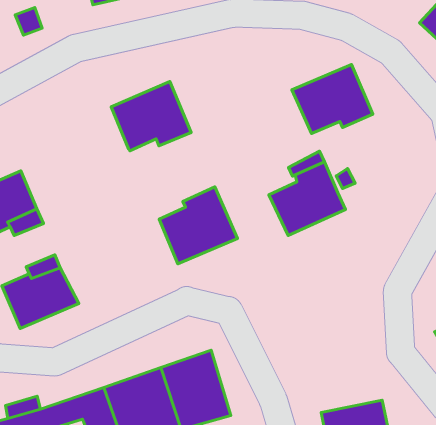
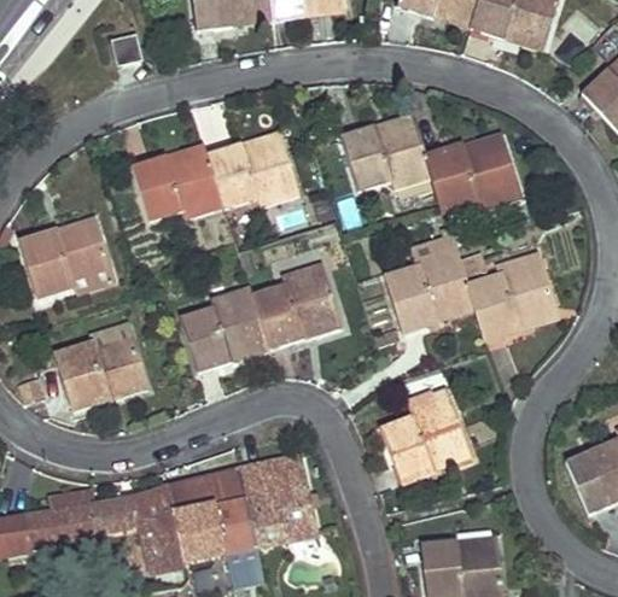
building: none -> [340,113,430,191]
building: none -> [133,144,223,221]
building: none -> [466,254,555,339]
building: none -> [180,285,268,371]
building: none -> [379,393,468,479]

